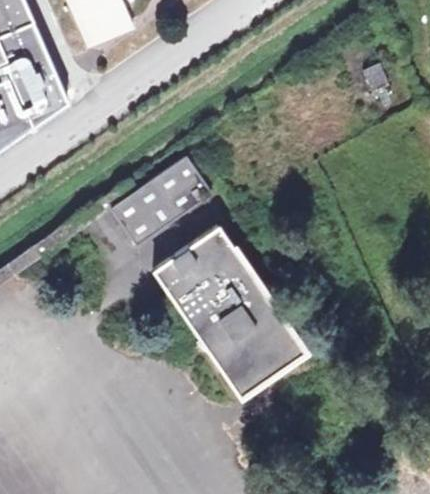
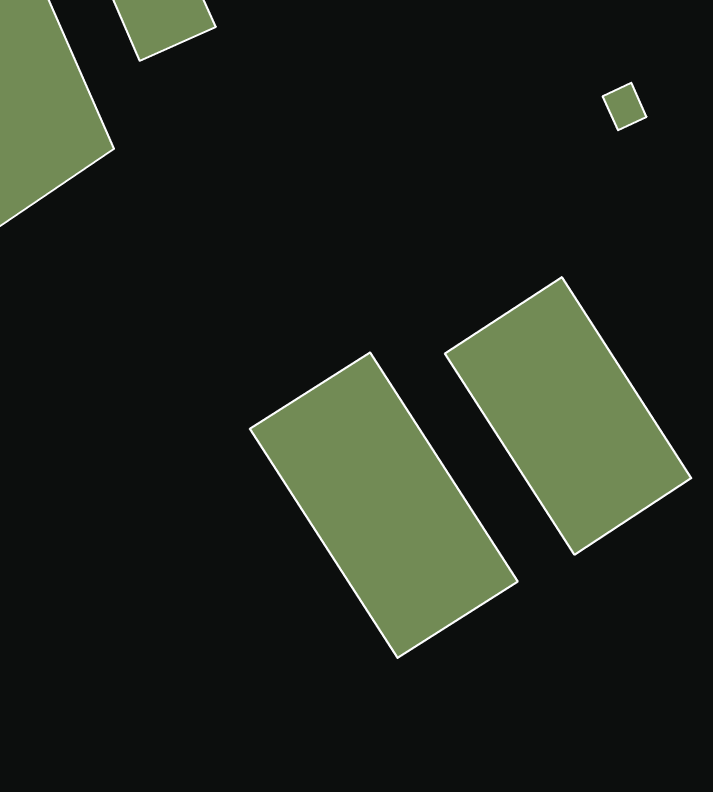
building: [106,155,210,245] -> none
building: none -> [445,277,691,555]

